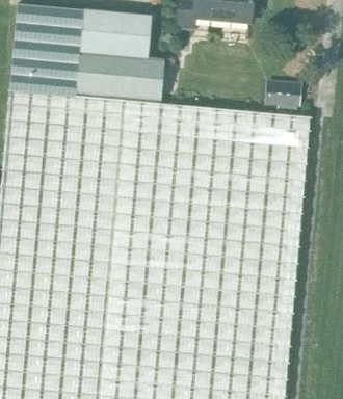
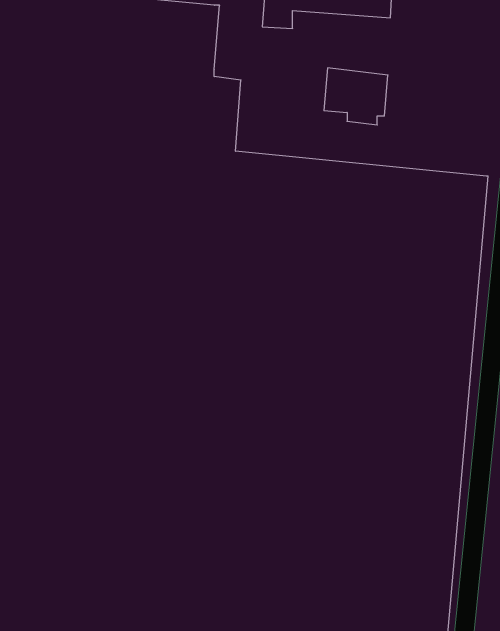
building: [265,80,302,113] -> [324,68,388,125]

